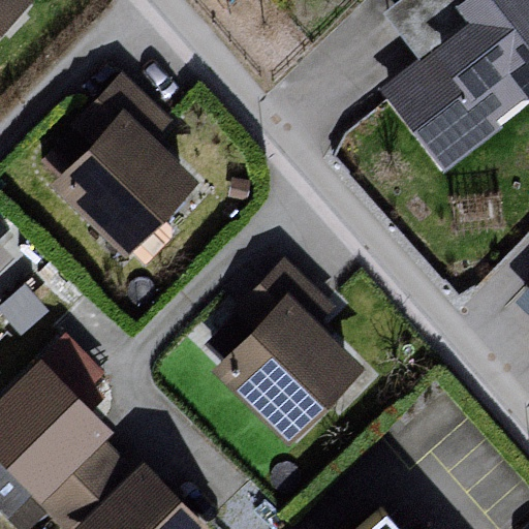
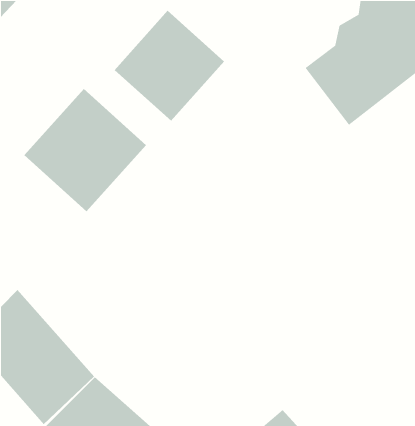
building: none -> [114,10,225,122]
building: [210,266,355,440] -> none

